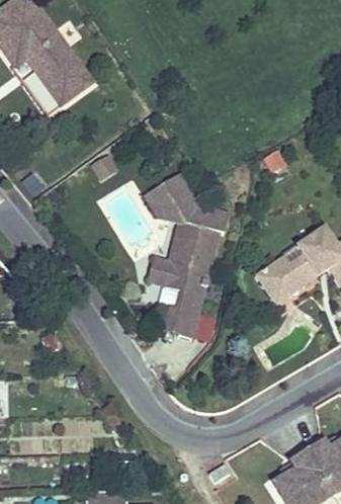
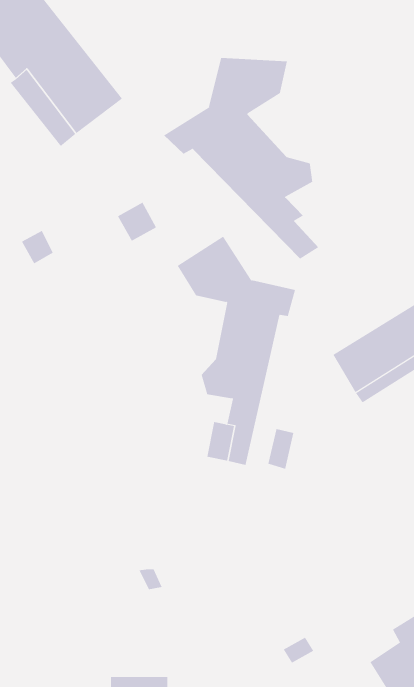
building: none -> [163,57,319,259]

